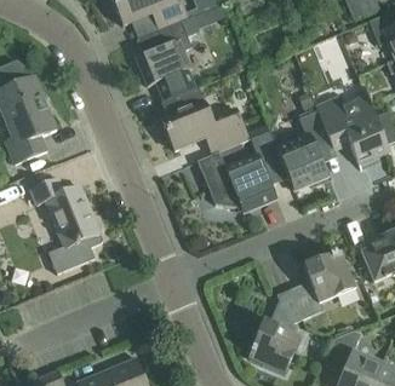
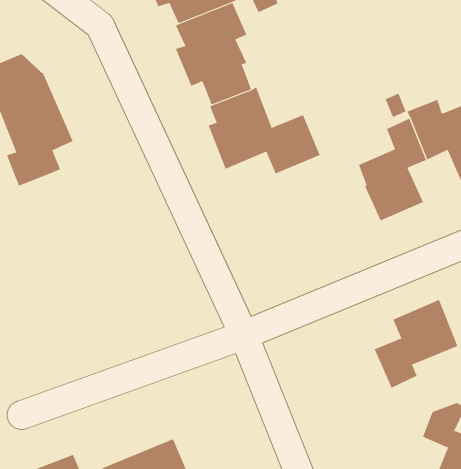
building: [198,131,284,211] -> none
building: [32,178,103,275] -> none
building: [248,289,303,373] -> none

